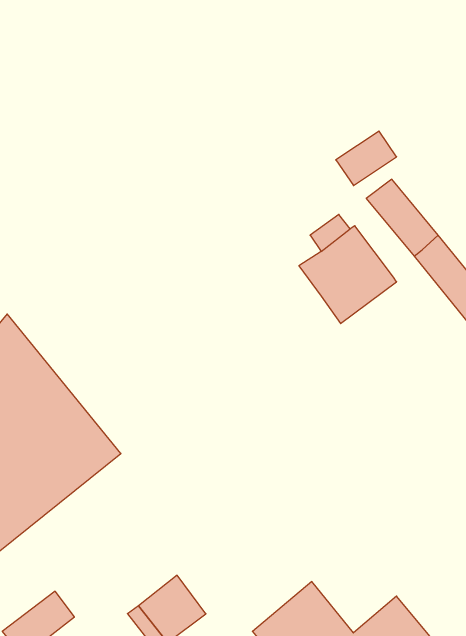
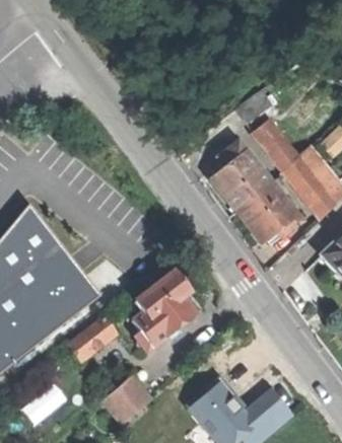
building: none -> [236,184,300,243]
building: none -> [132,273,194,350]
building: none -> [67,318,118,364]

